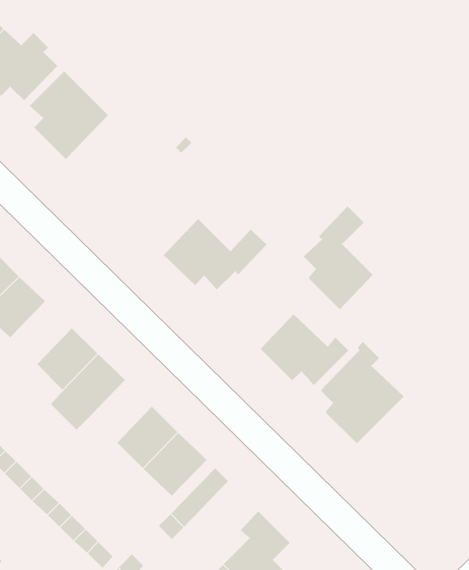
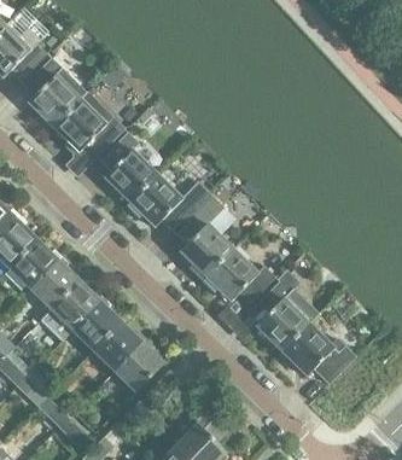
building: none -> [53,92,123,155]
building: none -> [100,132,157,202]
building: [303,206,374,310] -> [176,193,232,275]
building: none -> [10,238,58,287]
building: none -> [72,299,121,349]
building: none -> [281,322,356,383]

